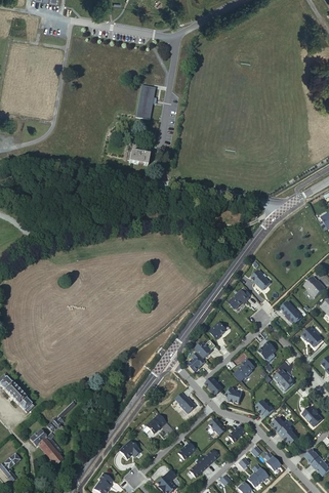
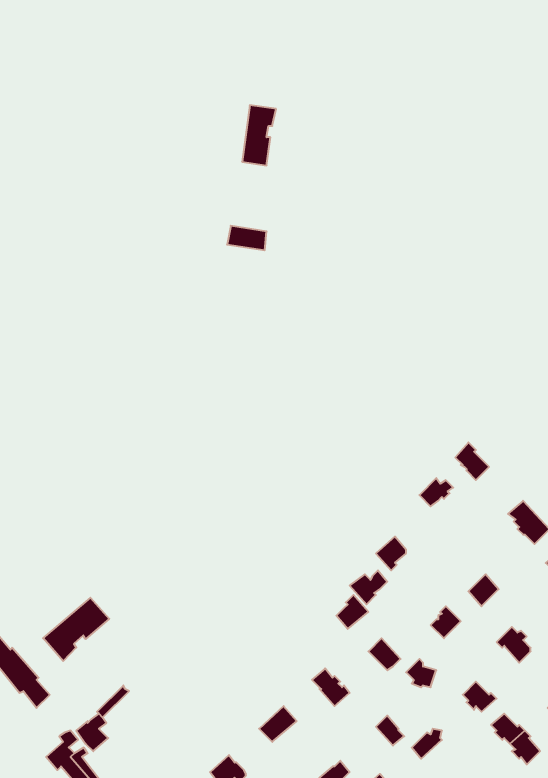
building: none -> [43,598,109,661]

